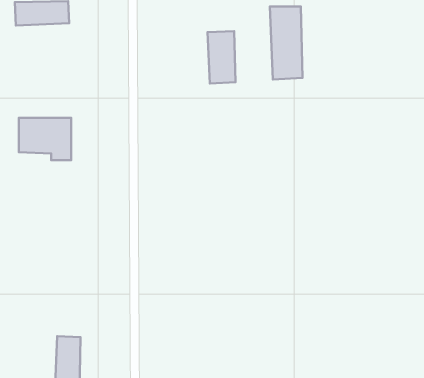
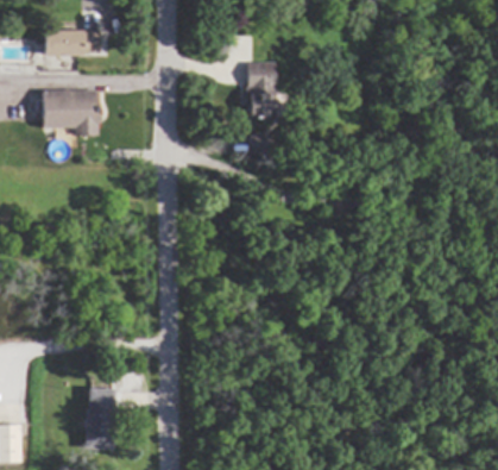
building: [270,7,303,79] -> none
building: [19,118,71,160] -> [42,90,97,136]

